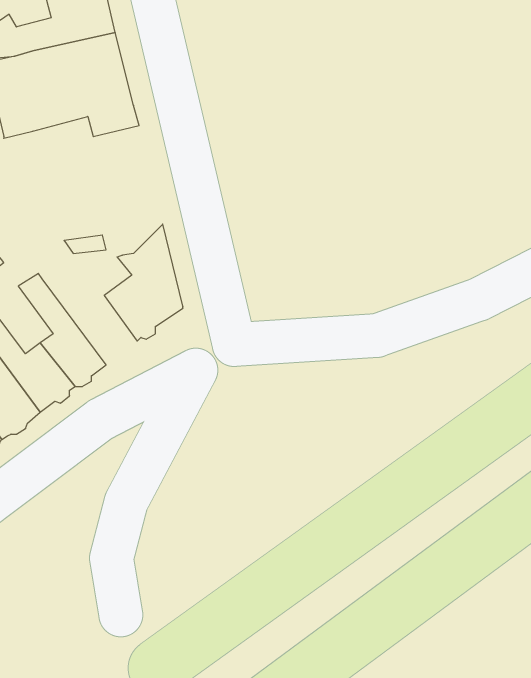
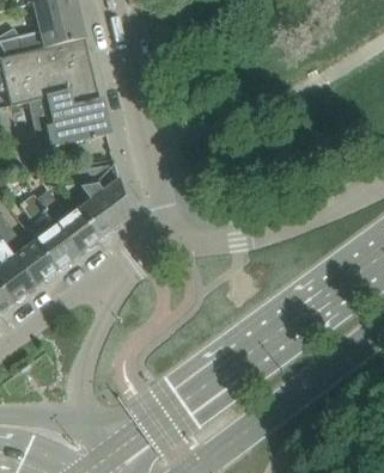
building: none -> [30,93,108,146]
building: none -> [36,190,98,256]

